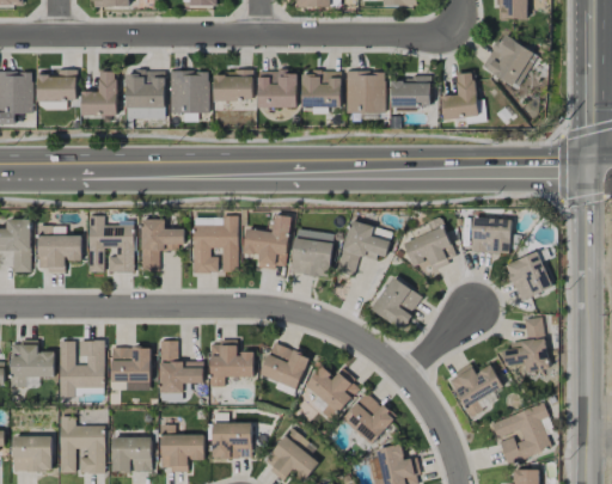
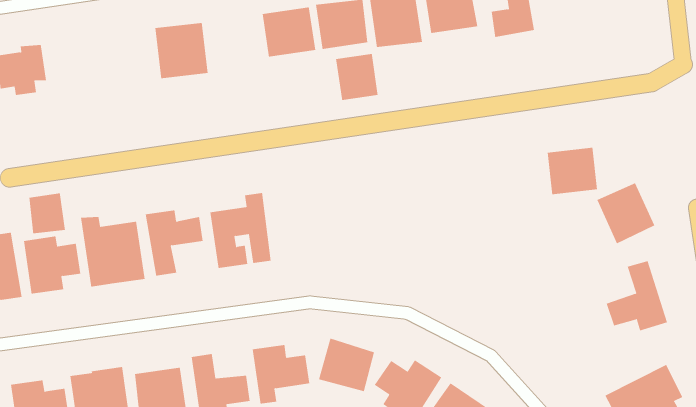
building: [81,71,117,116] -> none
building: [124,72,165,118] -> none
building: [214,72,253,100] -> none
building: none -> [336,53,378,101]
building: none -> [29,193,66,234]
building: [241,215,290,270] -> none
building: [403,218,458,270] -> none
building: [337,221,392,275] -> none
building: [290,229,333,277] -> none
building: [371,277,423,330] -> none
building: [448,364,502,417] -> none

